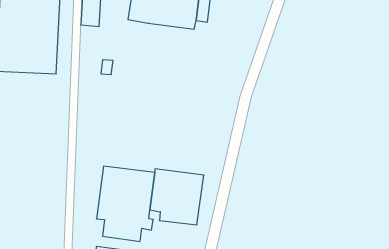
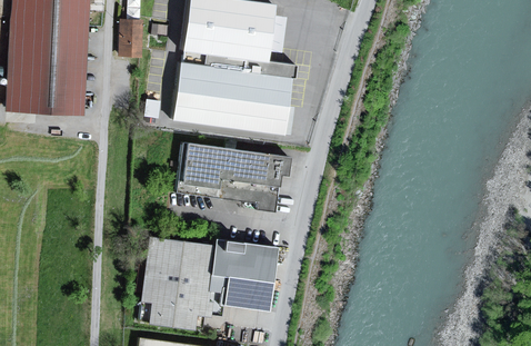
building: none -> [171,52,297,136]
building: none -> [176,141,288,210]

